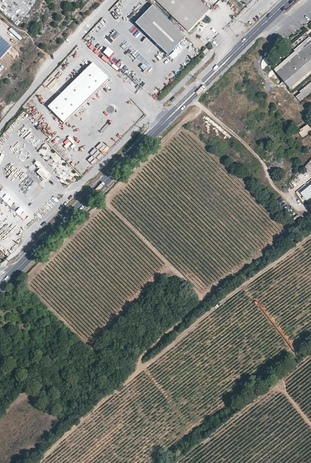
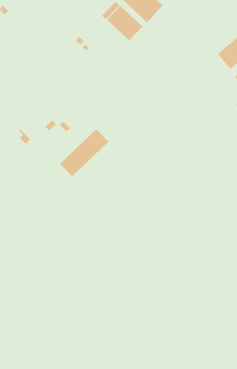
building: [46,62,107,121] -> [59,129,109,177]

